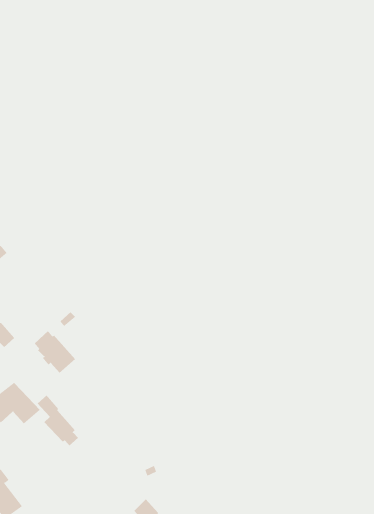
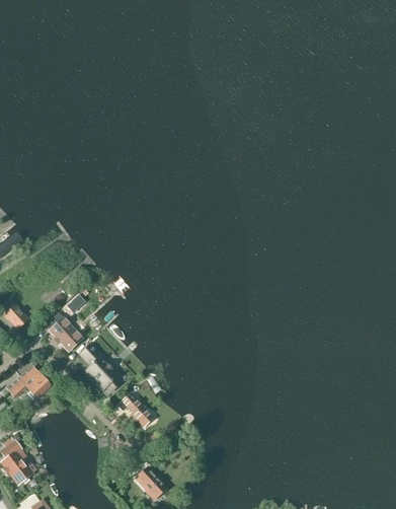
building: [37,395,79,447] -> [82,345,121,392]
building: none -> [118,395,151,426]

